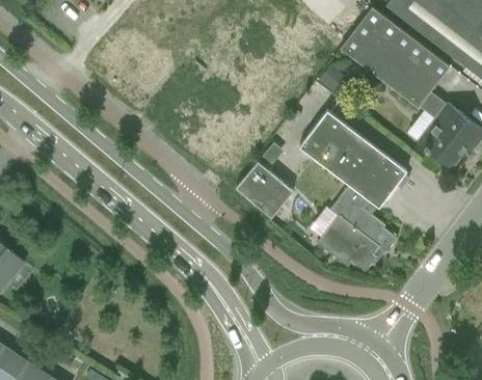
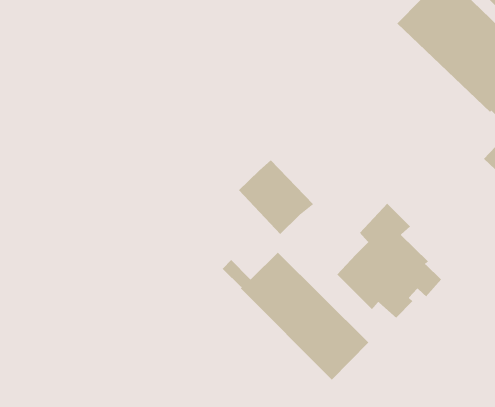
building: [299,110,406,207] -> none
building: none -> [222,252,369,380]

